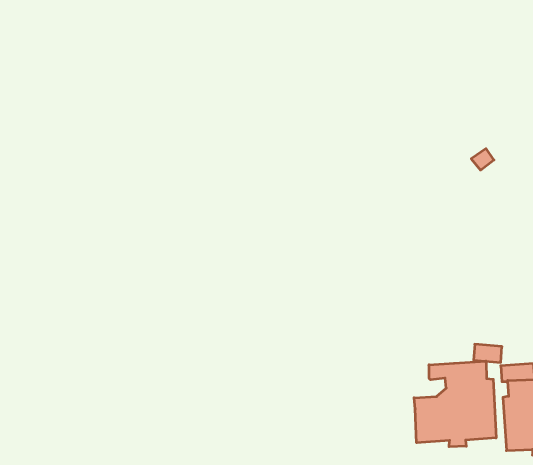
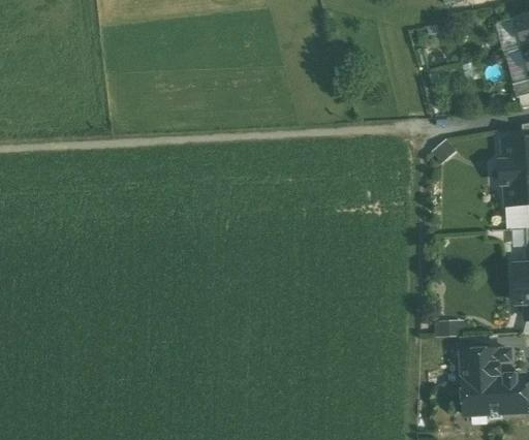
building: [414,361,496,447] -> none

